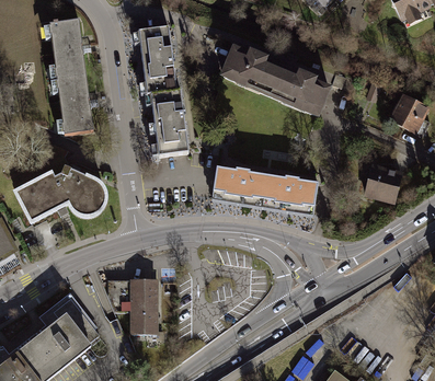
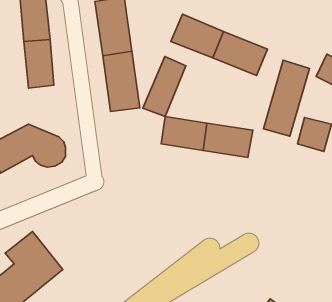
building: none -> [143,57,186,116]
building: none -> [264,60,309,136]
building: [128,279,159,332] -> none

